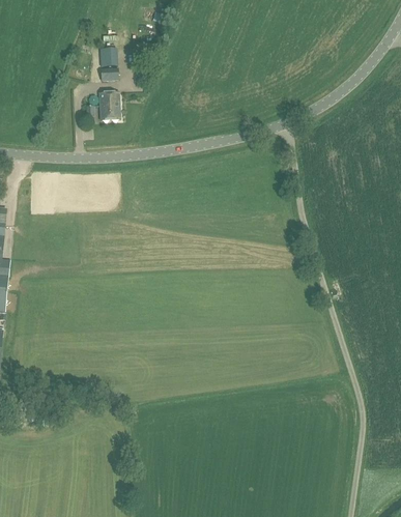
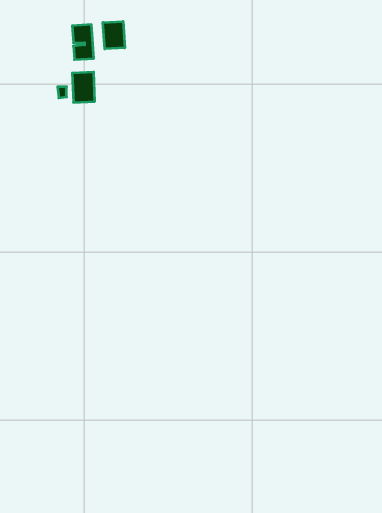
building: none -> [103,21,125,49]

